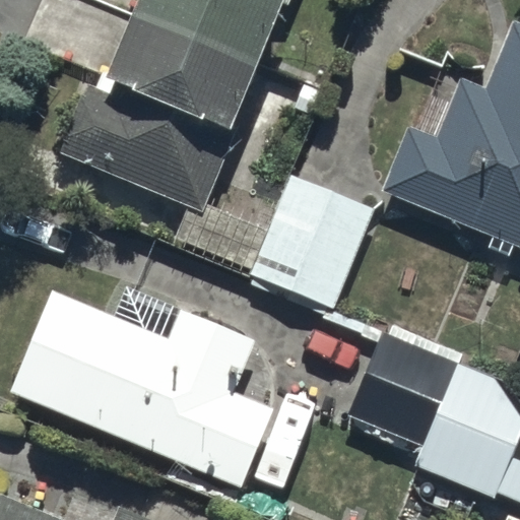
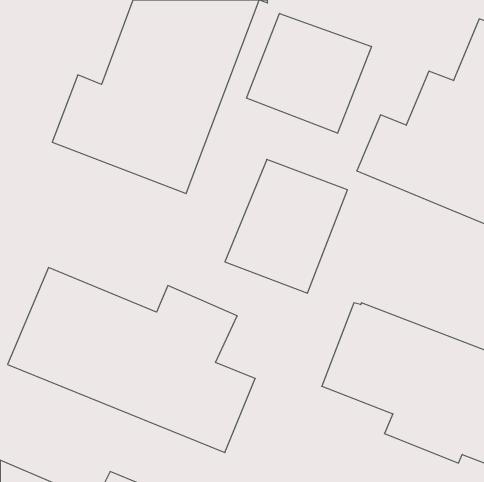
building: none -> [246,13,371,133]

